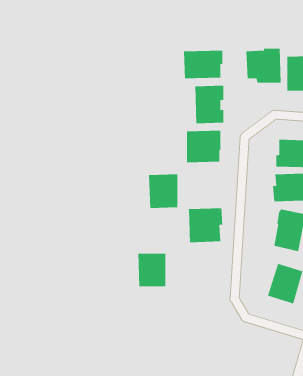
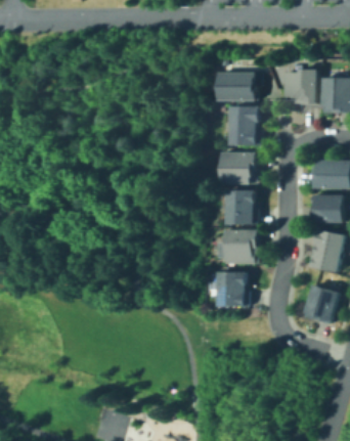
building: [148,174,178,209] -> [225,190,255,225]
building: [138,253,166,287] -> [217,272,246,306]

